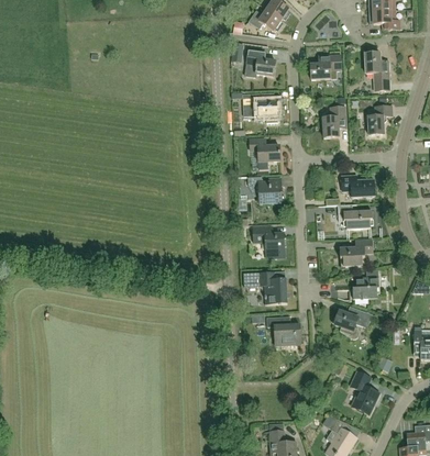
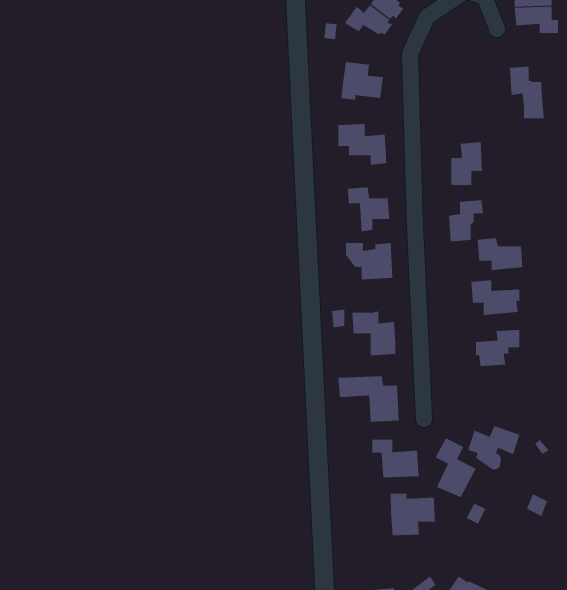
building: [310,54,341,79] -> none
building: [367,104,393,134] -> [448,200,484,242]
building: [353,269,381,299] -> none
building: none -> [390,493,436,536]
building: [351,370,381,413] -> [435,438,477,498]

